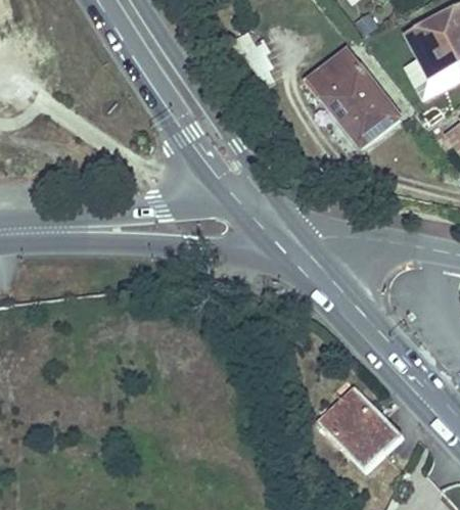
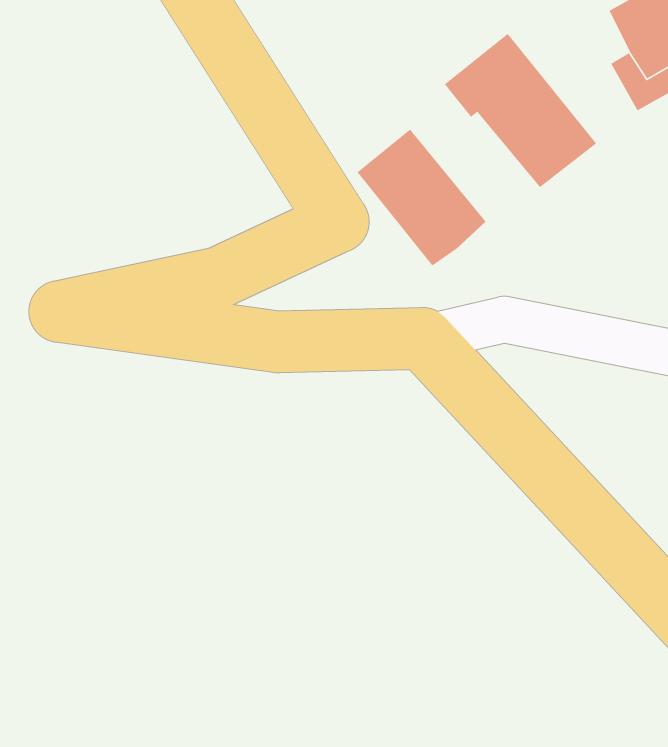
building: none -> [356,128,487,267]
building: [324,388,404,473] -> none

